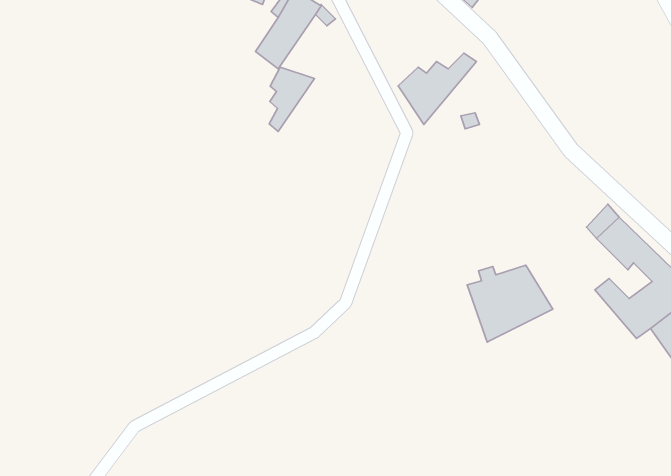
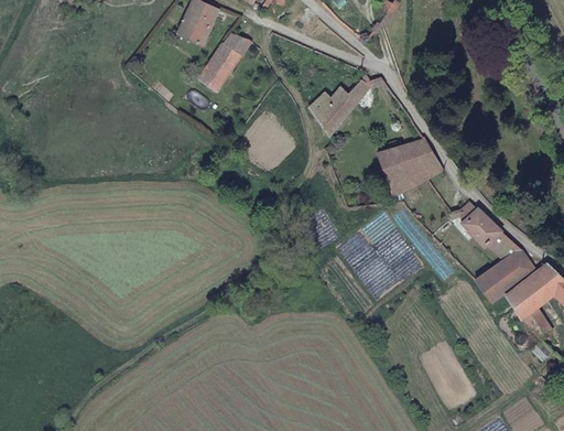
building: [269,67,315,132] -> none
building: [467,265,553,342] -> [377,137,443,196]

